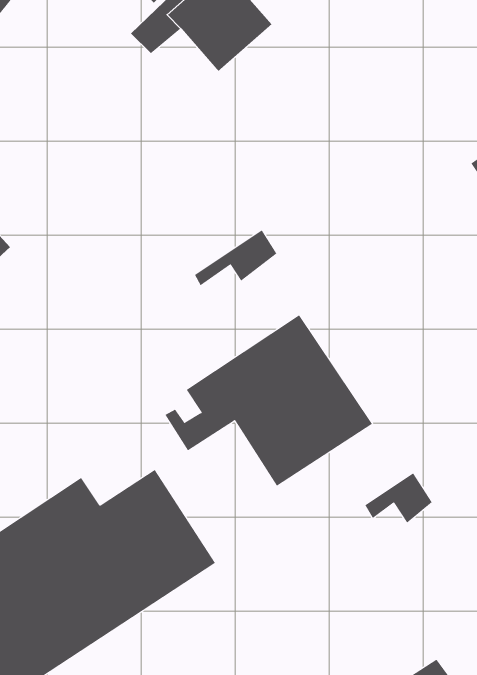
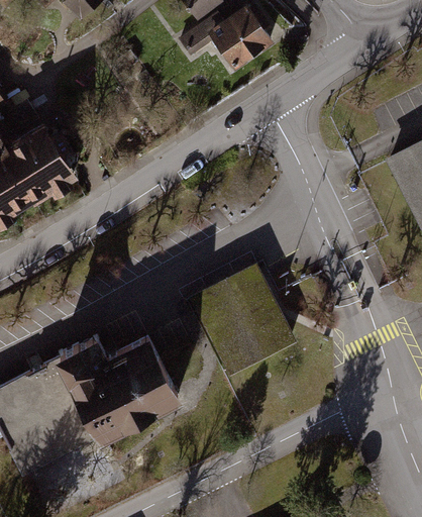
building: [194,230,277,286] -> none
building: [364,472,432,524] -> none

